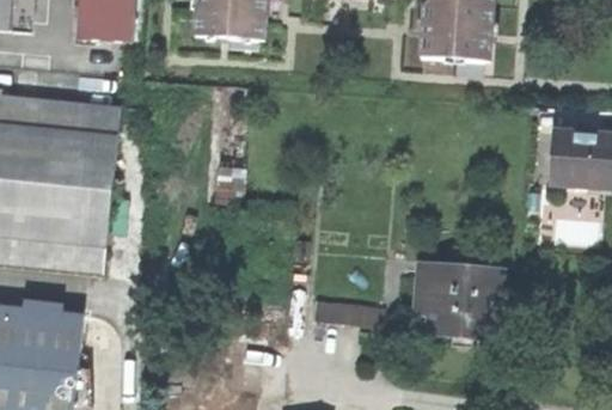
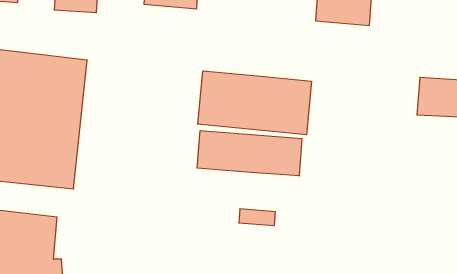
building: none -> [198,71,311,135]
building: none -> [197,131,302,176]
building: [416,261,501,333] -> none

